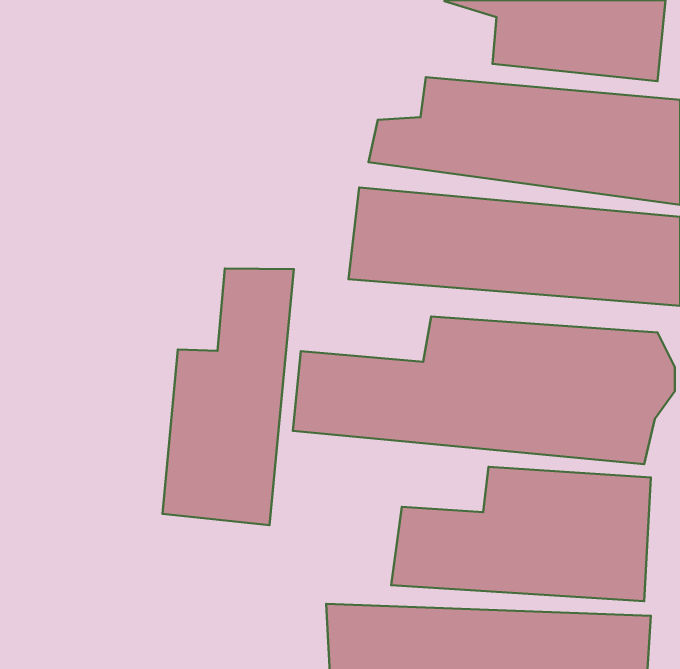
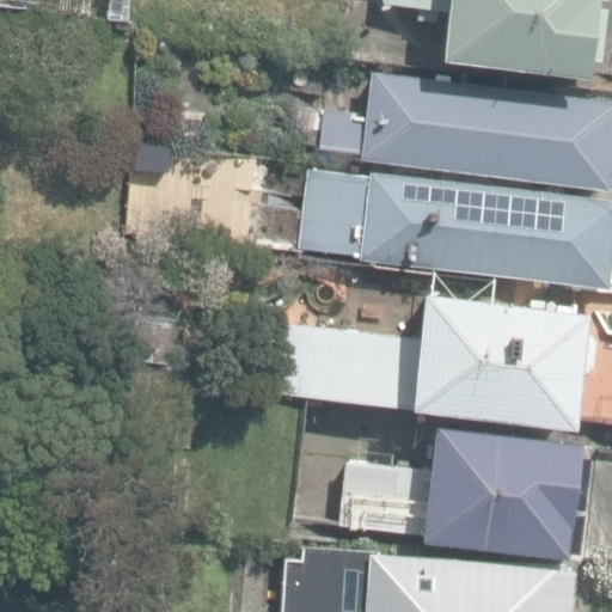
building: [163,269,294,525] -> none

